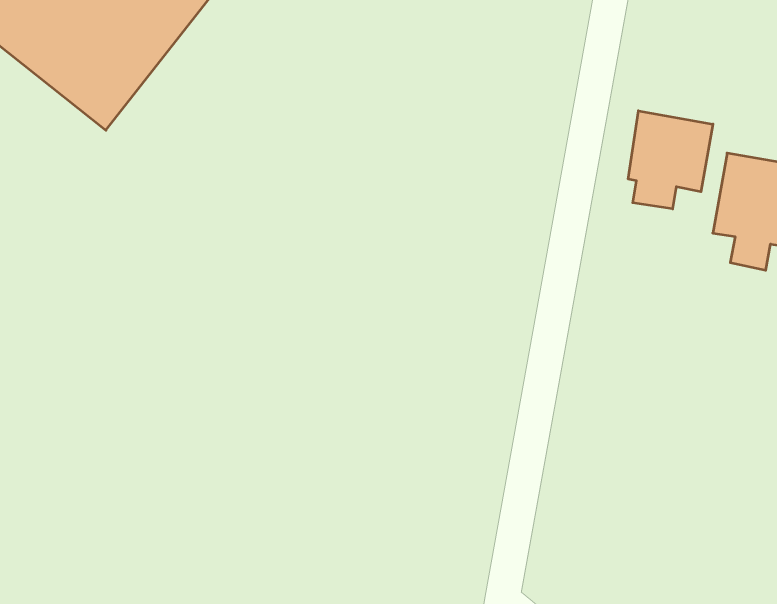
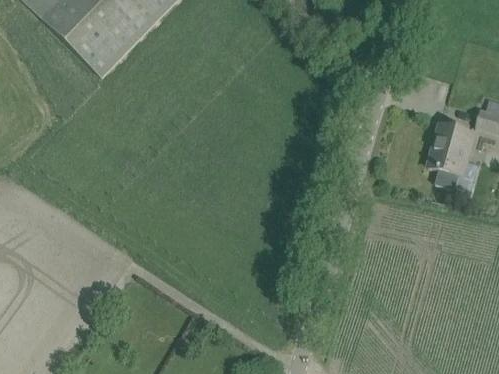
building: [628,111,713,209] -> none

